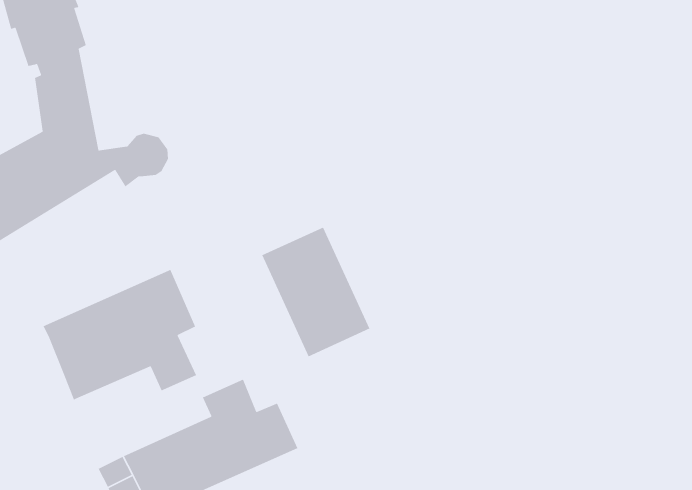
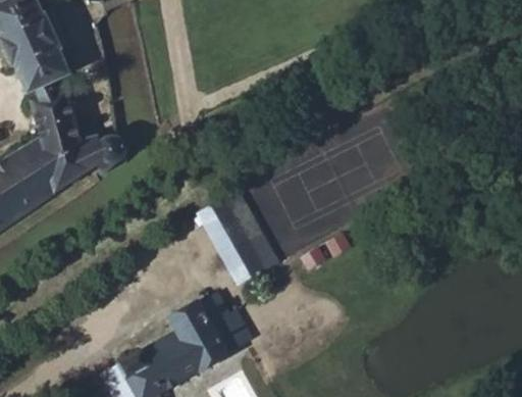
building: [43,269,197,401] -> none

